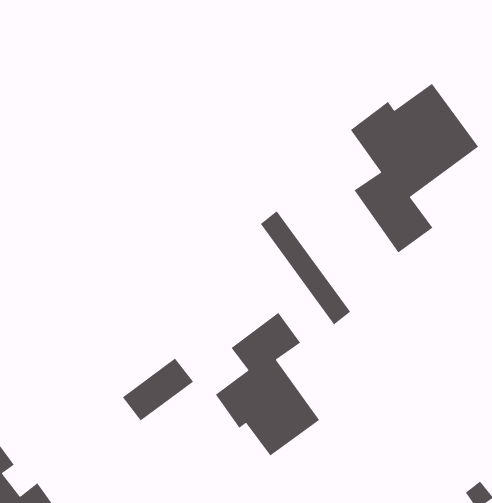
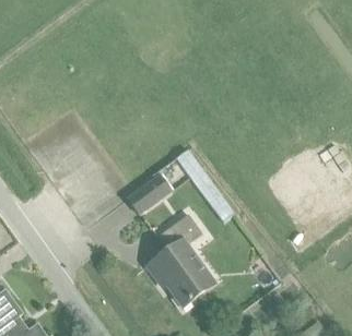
building: [350,83,479,254] -> none
building: [122,358,194,421] -> [126,176,172,216]

